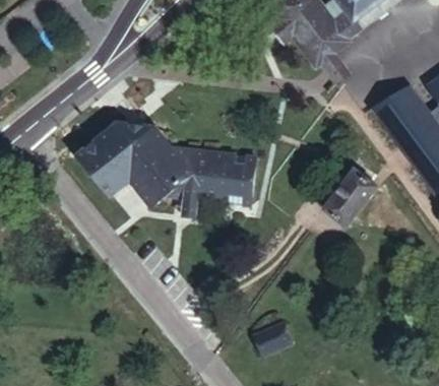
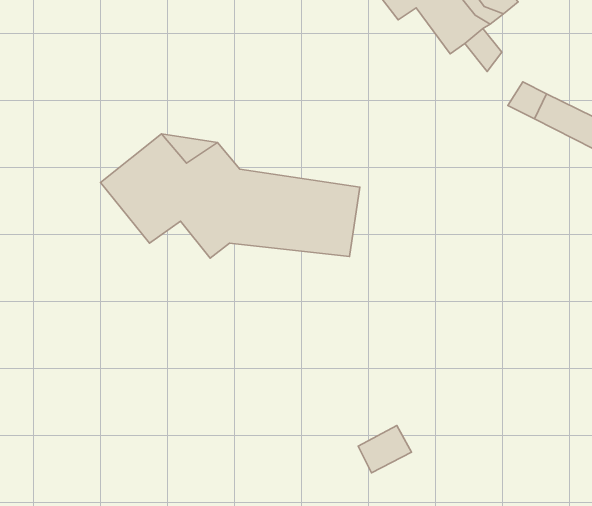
building: [321,164,375,226] -> none

